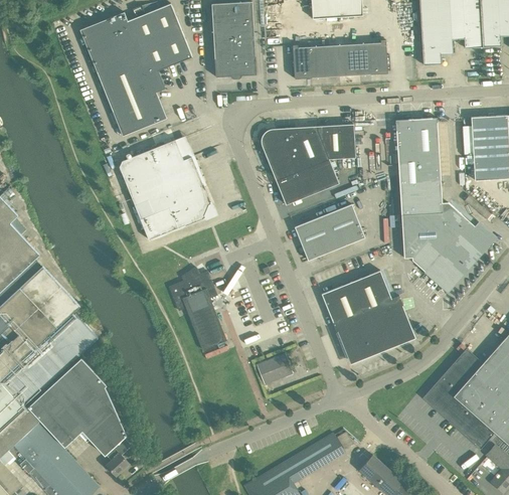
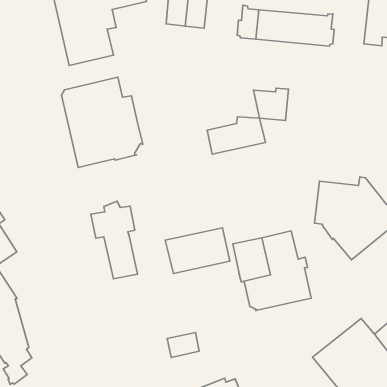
building: [395,118,442,214] -> none
building: [261,127,328,180] -> none
building: [294,205,364,261] -> [165,228,230,273]
building: [258,354,293,384] -> [167,332,199,357]

